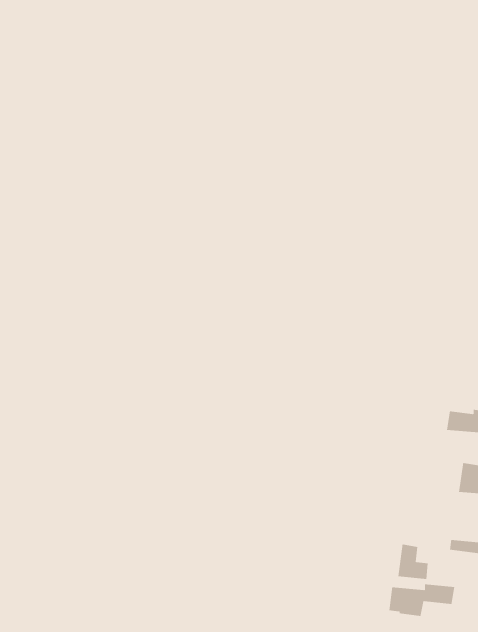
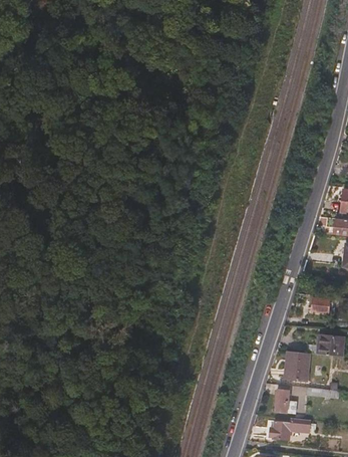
building: none -> [282,350,308,380]

